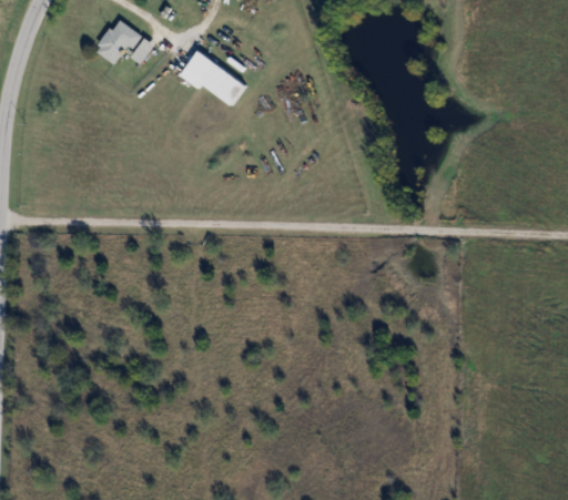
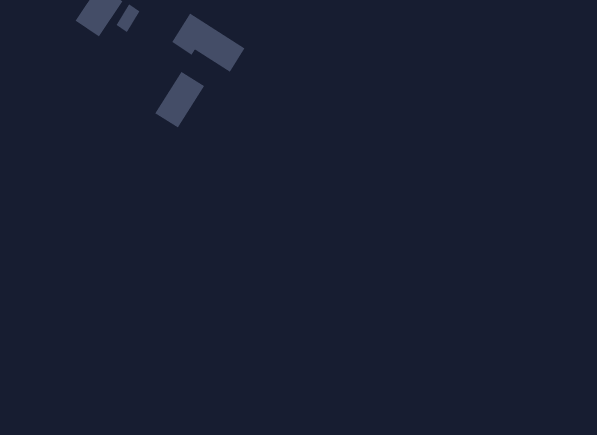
building: none -> [154,71,205,129]

